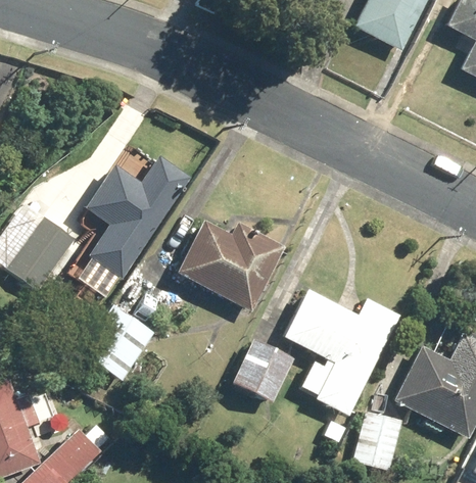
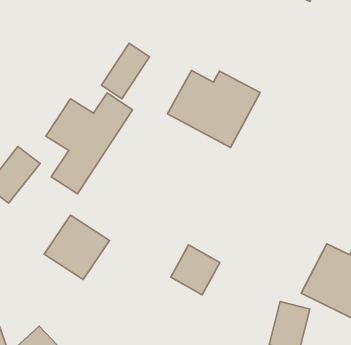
building: none -> [101,43,149,99]
building: [178,213,289,306] -> [168,70,260,148]
building: [291,294,390,414] -> none

